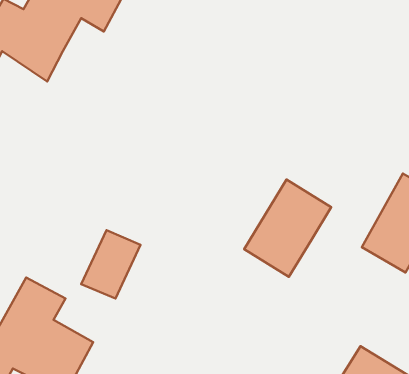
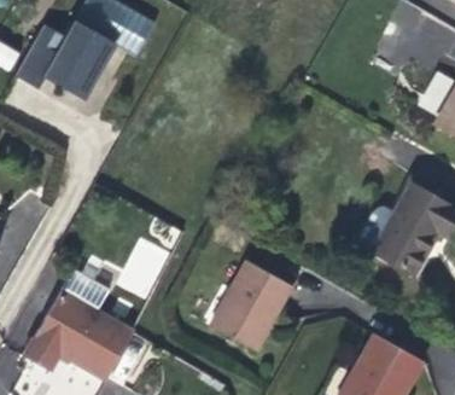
building: [244,179,331,277] -> [208,265,287,354]

